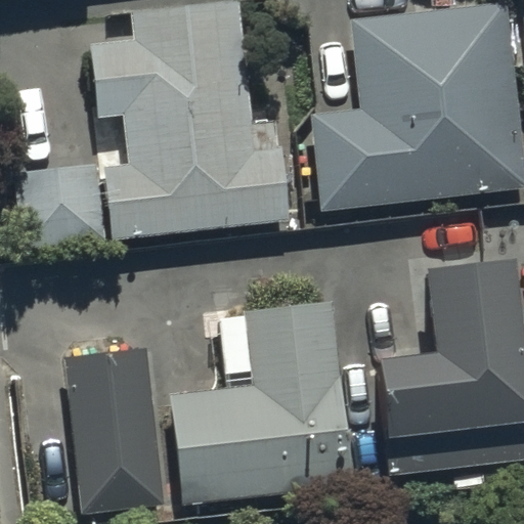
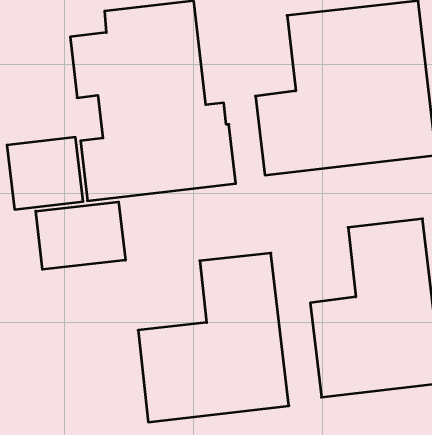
building: none -> [36,202,125,269]
building: [64,347,166,513] -> none

